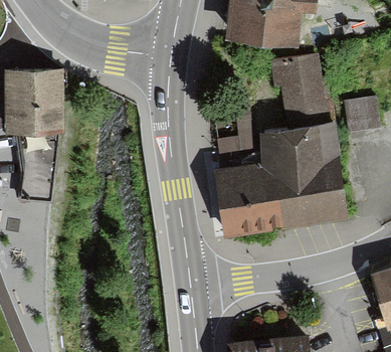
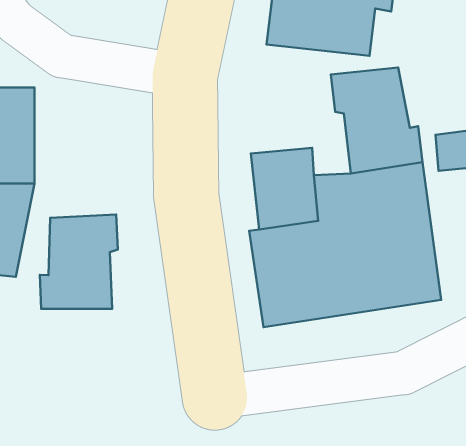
building: none -> [40,214,118,309]

